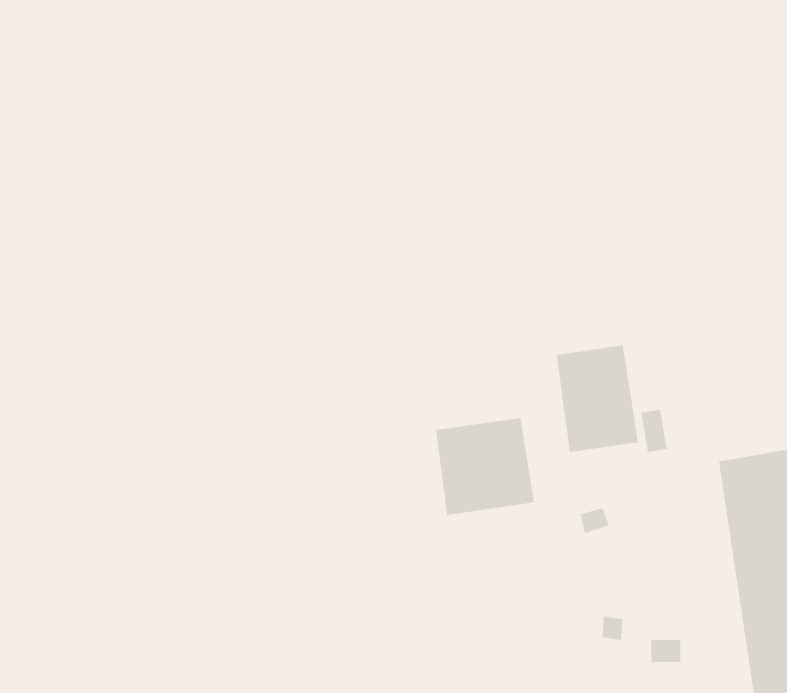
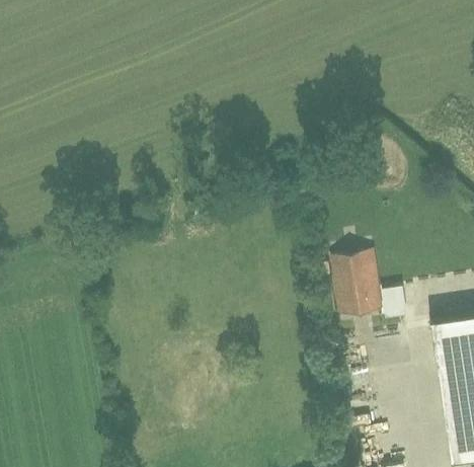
building: [435,417,535,516] -> none

